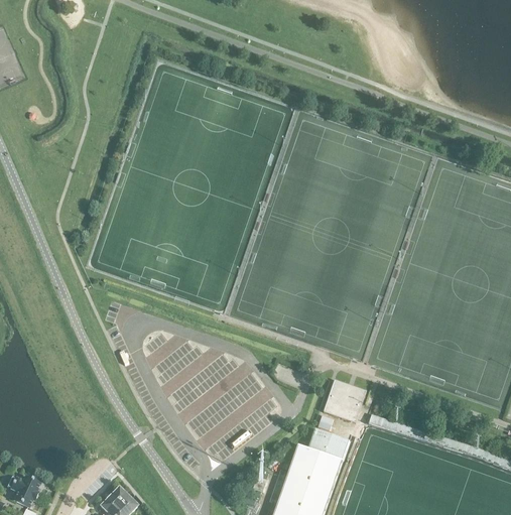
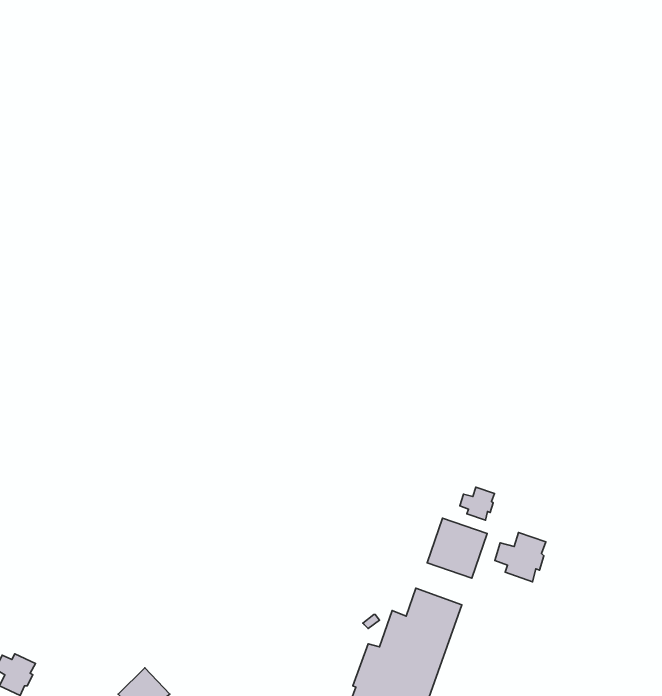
building: none -> [460,487,494,520]
building: none -> [495,532,546,582]

